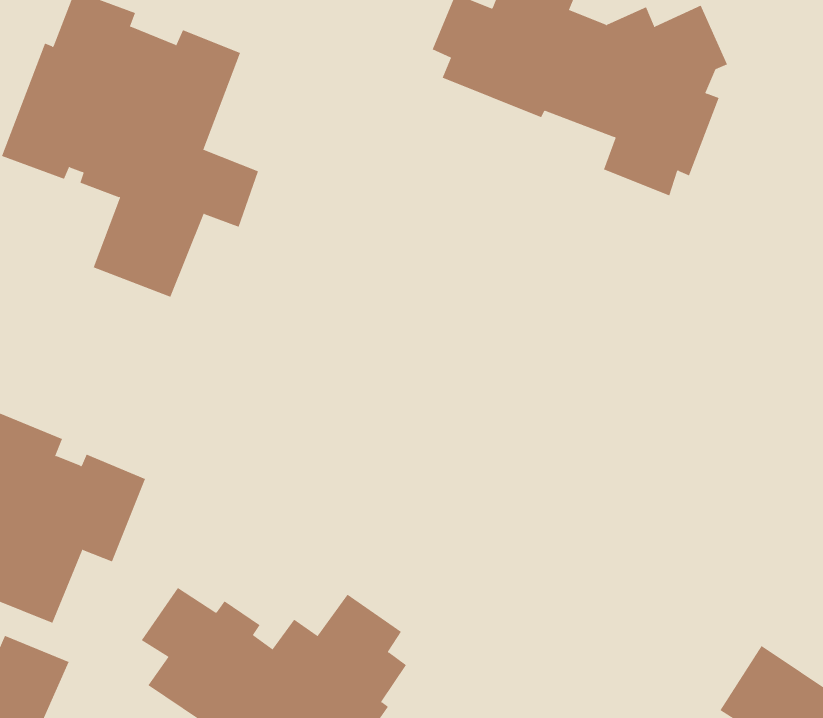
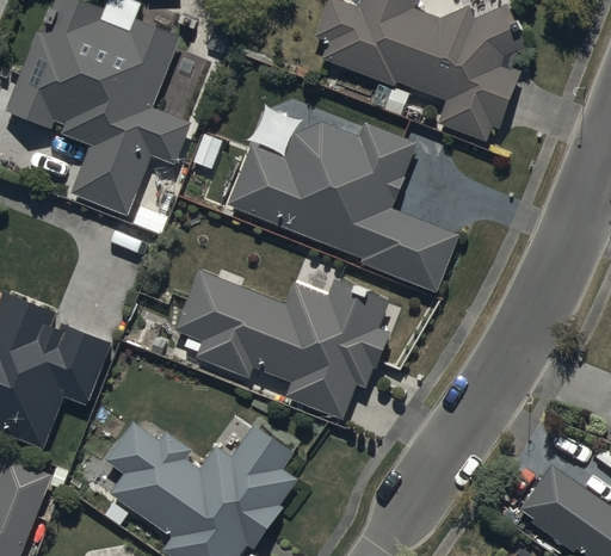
building: none -> [226,122,459,294]
building: none -> [175,271,389,420]

